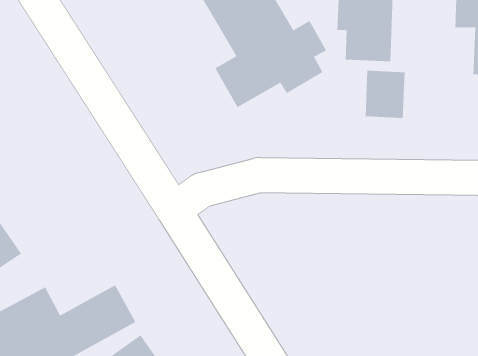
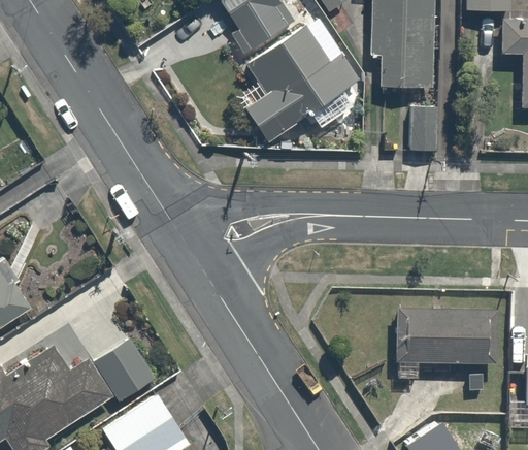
building: none -> [396,303,491,383]

